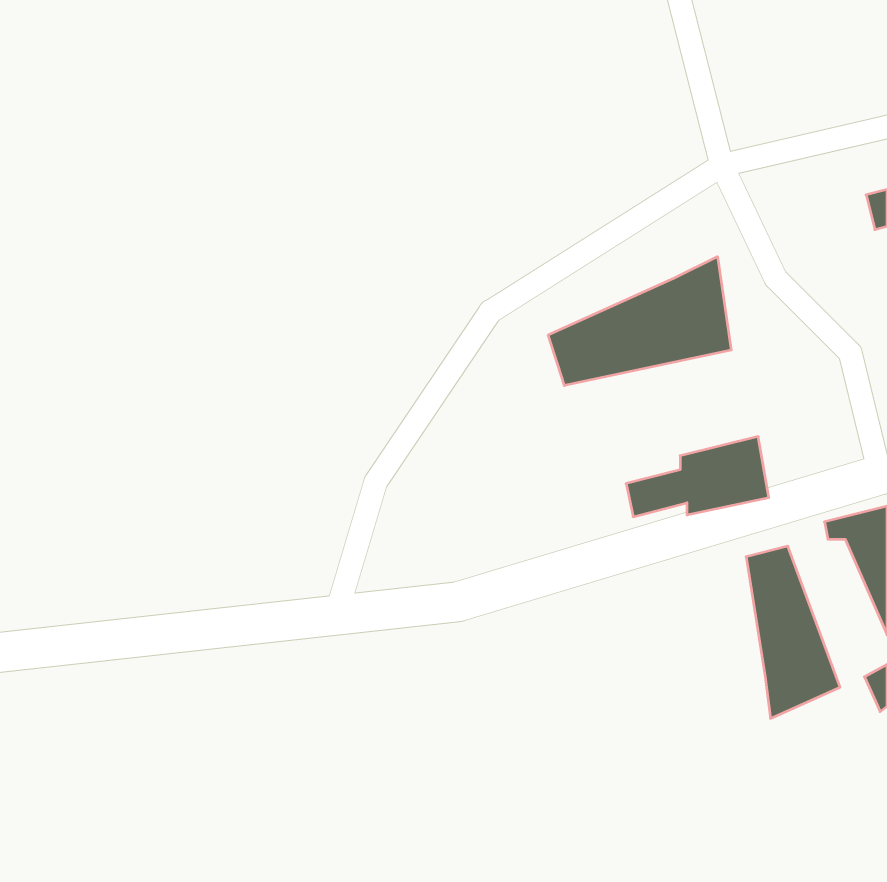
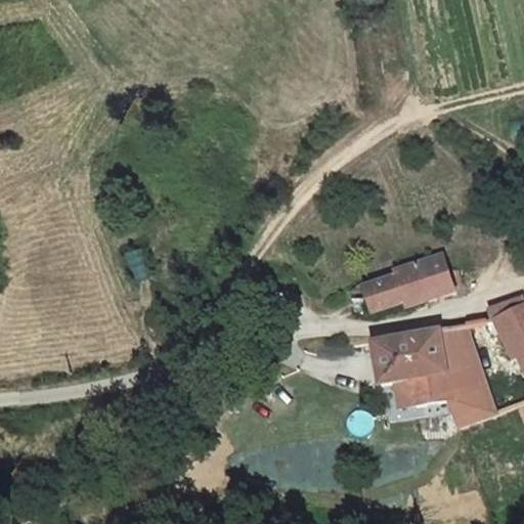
building: [548,257,731,386] -> none
building: none -> [367,328,450,406]

